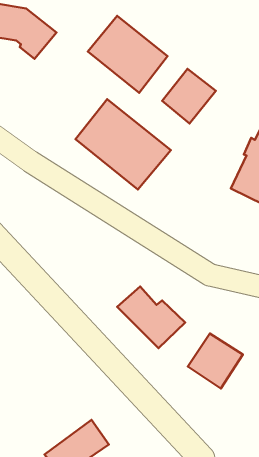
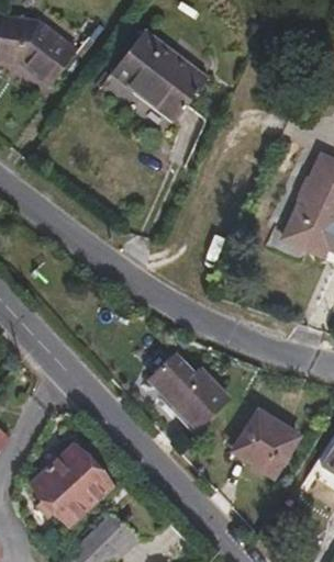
building: [162,69,216,123] -> none
building: [76,99,171,189] -> none
building: none -> [30,443,111,524]

